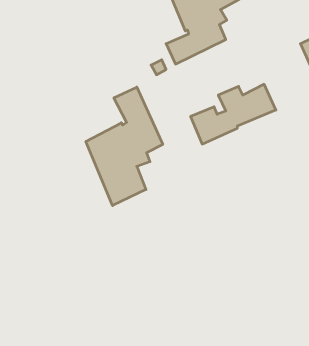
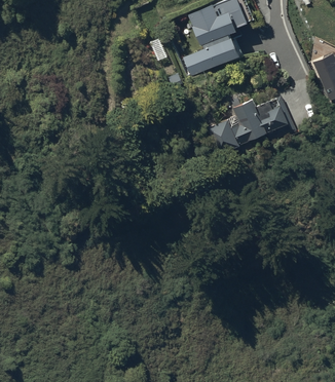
building: [86,87,163,206] -> none

